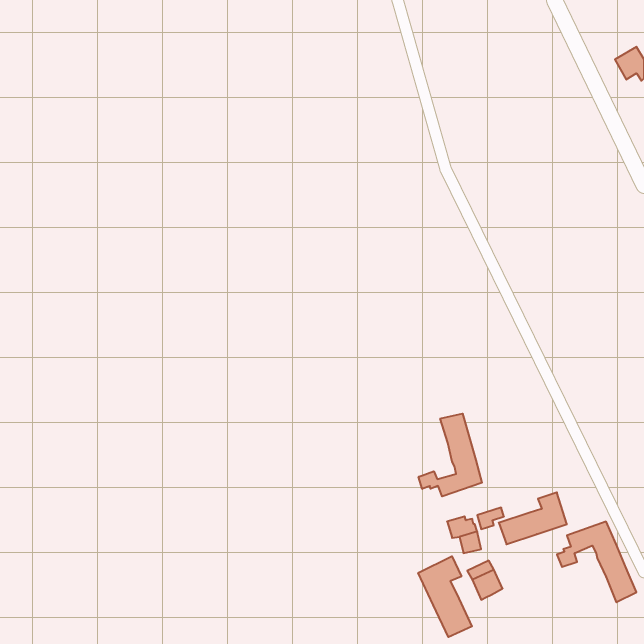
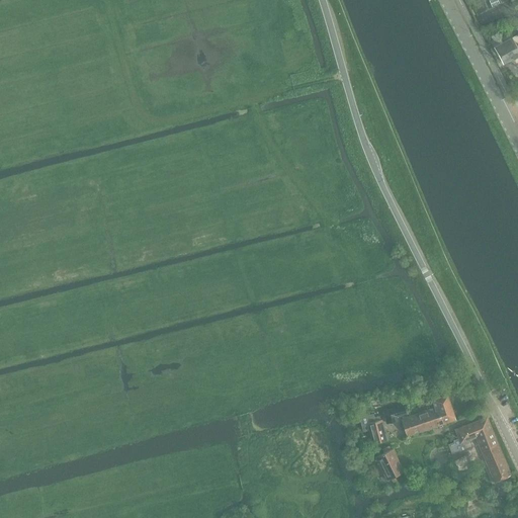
building: [419,414,482,496] -> none
building: [418,556,472,637] -> none

